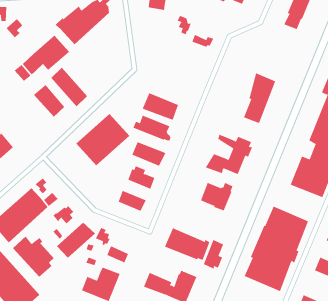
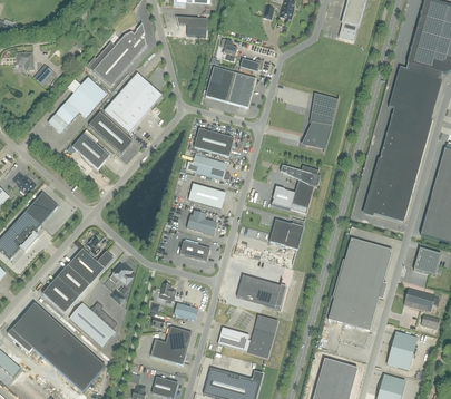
building: none -> [206,66,256,106]
building: [76,113,130,166] -> [104,71,163,132]
building: [56,222,96,259] -> none
building: [203,239,224,269] -> none

